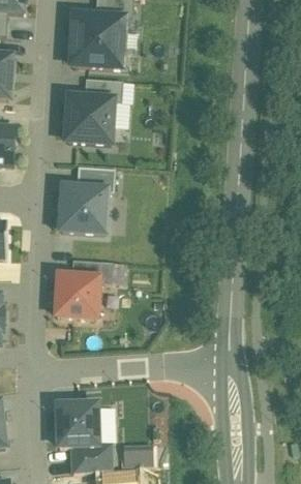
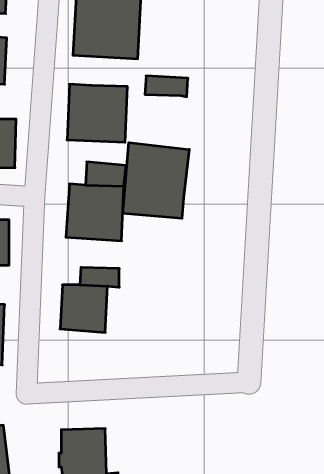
building: [83,80,121,98] -> [145,76,188,97]
building: none -> [123,143,189,218]

